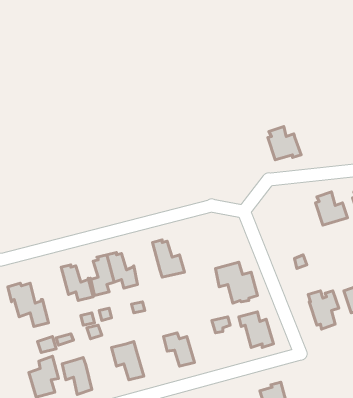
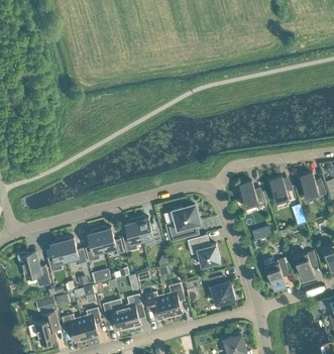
building: [268,126,301,160] -> [239,182,266,209]
building: none -> [165,203,203,243]
building: none -> [121,219,142,252]
building: none -> [48,239,68,272]
building: none -> [164,283,185,317]
building: none -> [123,294,143,328]
building: none -> [82,309,101,339]

